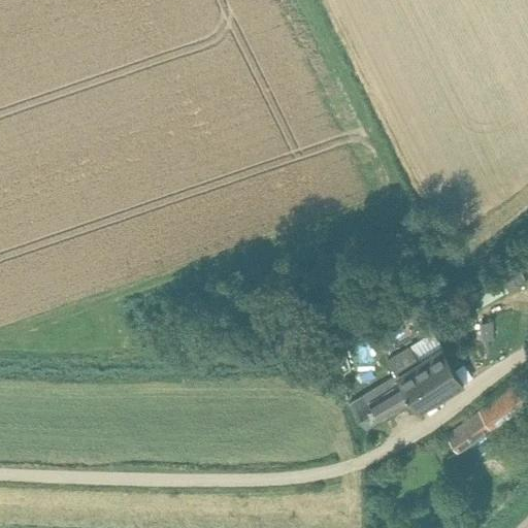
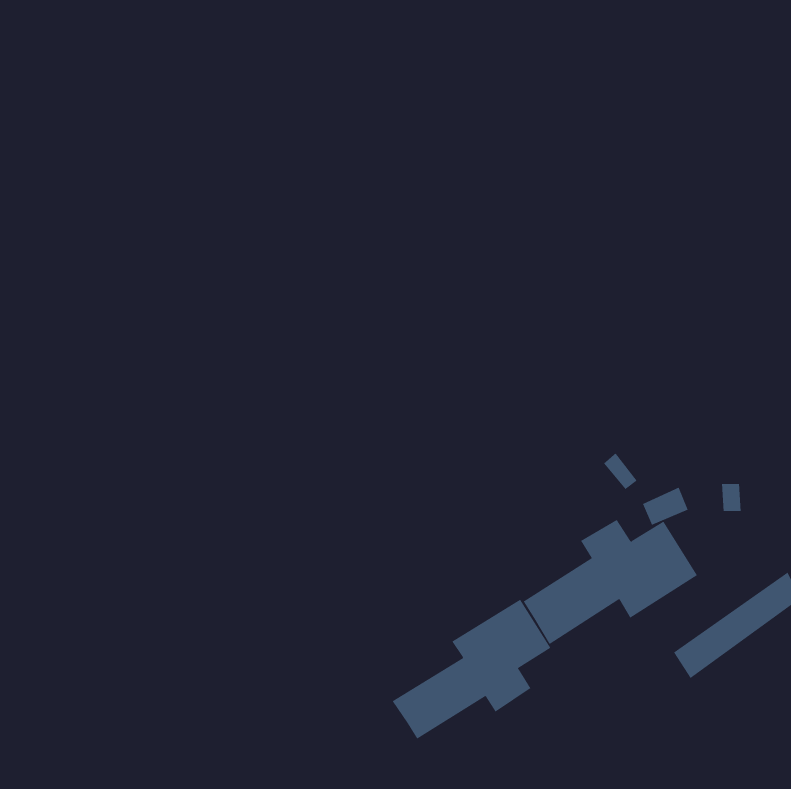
building: none -> [392,599,551,740]

